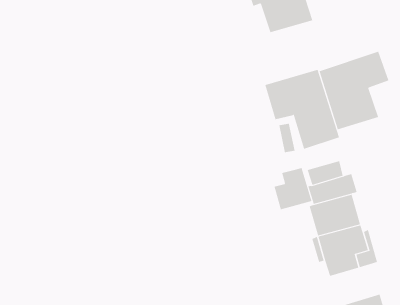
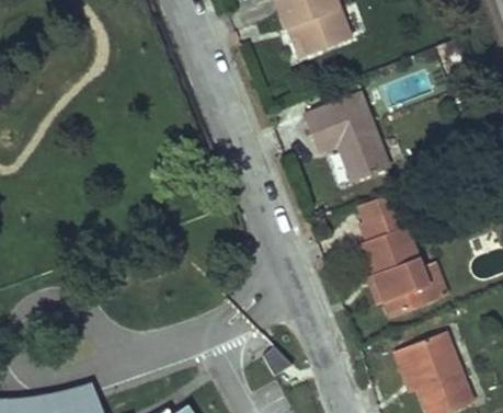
building: [319,51,389,130] -> none
building: [274,167,312,210] -> none

